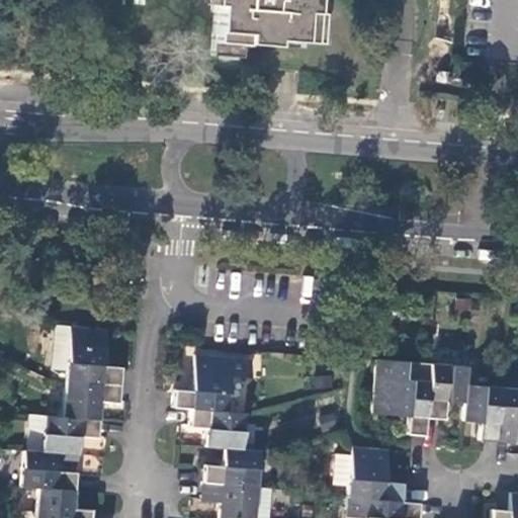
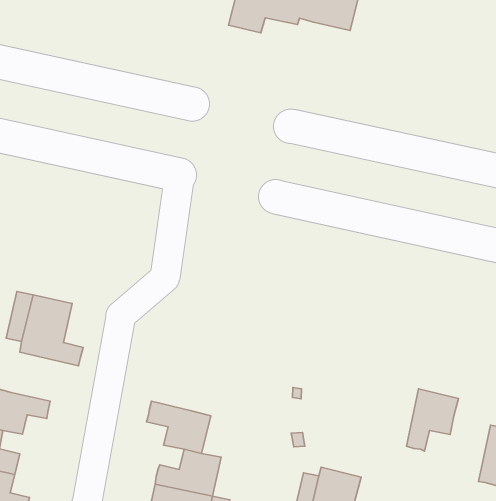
building: [175,354,255,411] -> none
building: [374,359,433,434] -> none
building: [64,378,121,419] -> none
building: [466,383,503,440] -> none

